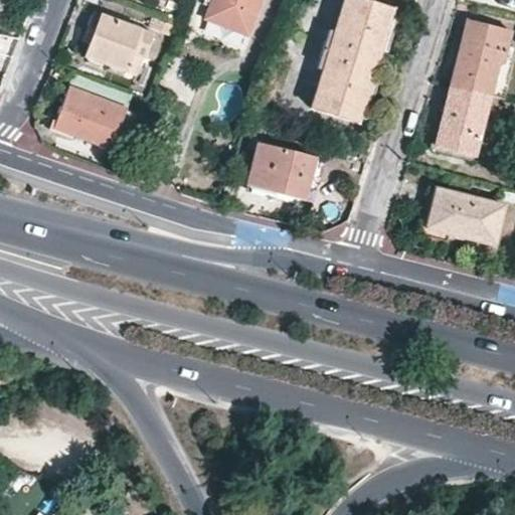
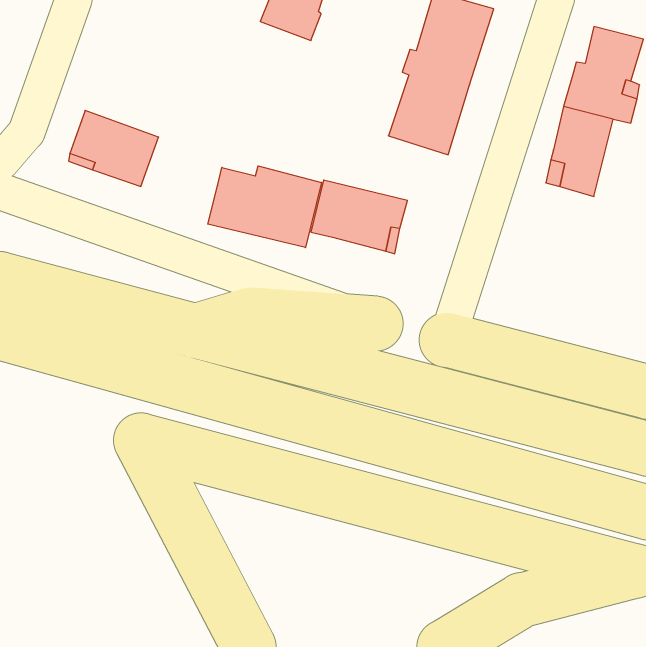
building: [85,11,162,72] -> none
building: none -> [208,166,321,248]
building: [428,188,503,244] -> none

